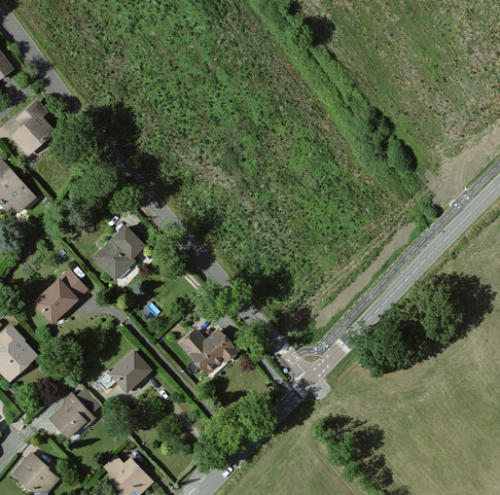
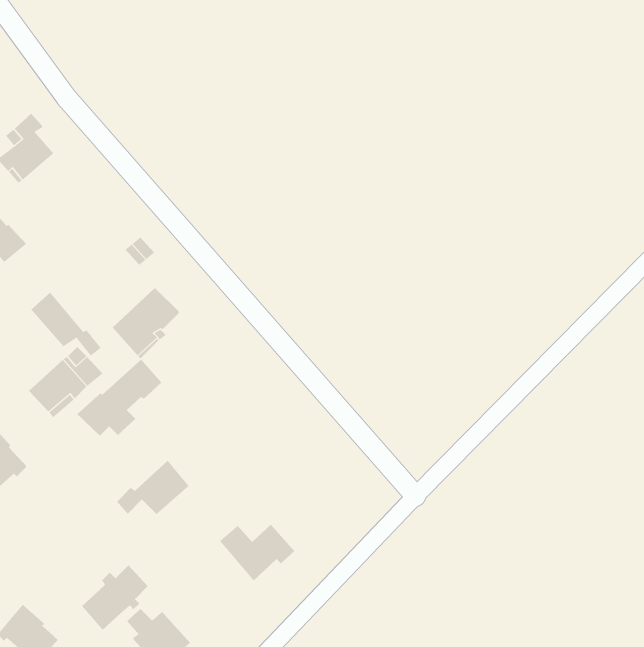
building: none -> [31,292,101,357]
building: none -> [77,359,162,436]
building: [185,331,240,373] -> [219,524,295,581]
building: [51,389,100,436] -> [81,565,149,631]

